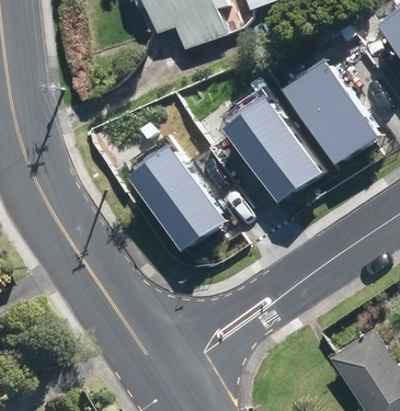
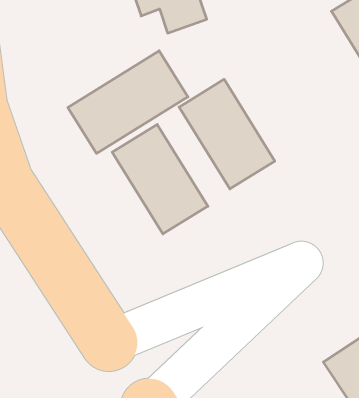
building: [272,48,364,152] -> none
building: none -> [68,51,188,153]

